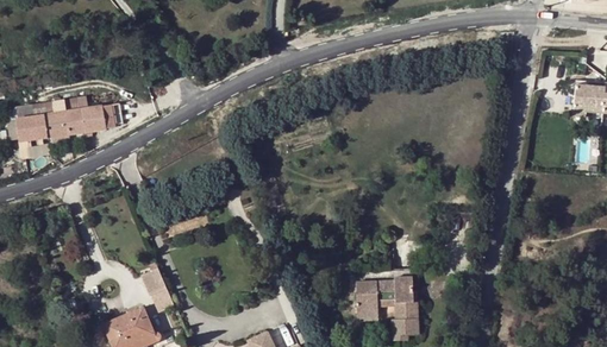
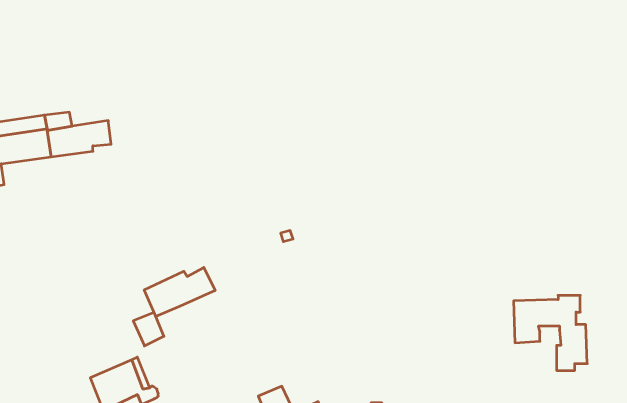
building: none -> [144,267,215,316]
building: [356,276,419,340] -> [514,295,587,370]

